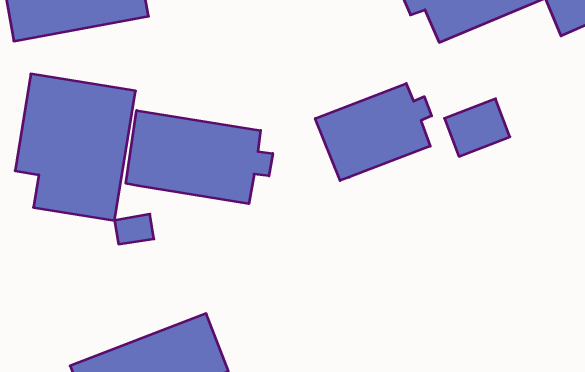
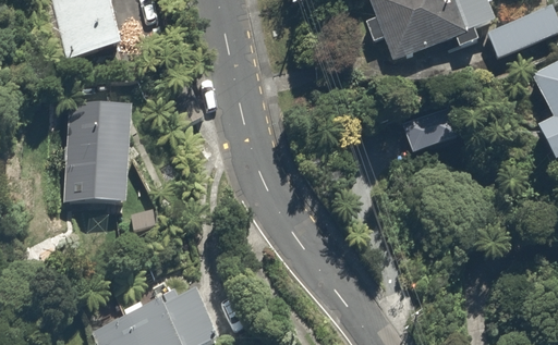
building: [315,83,432,181] -> none
building: [126,110,273,204] -> none

